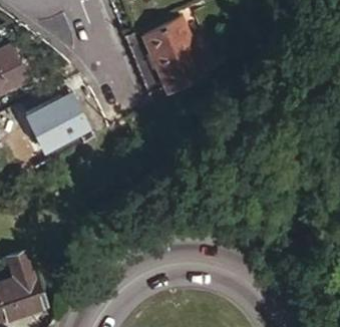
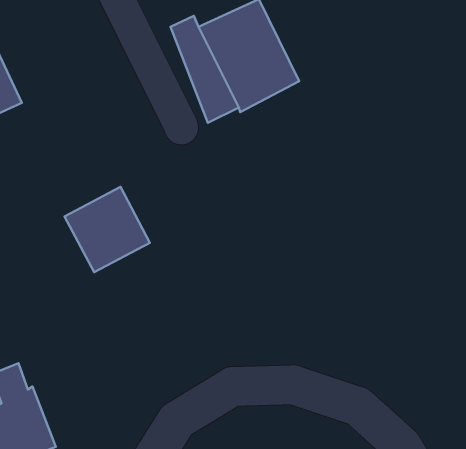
building: [25,96,80,151] -> [65,187,150,272]

